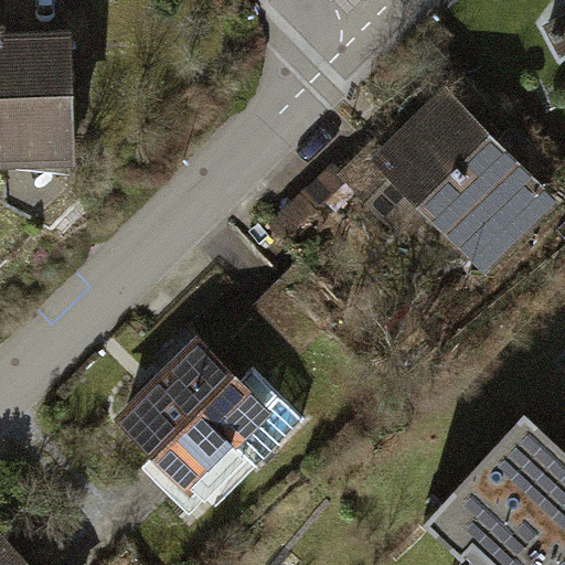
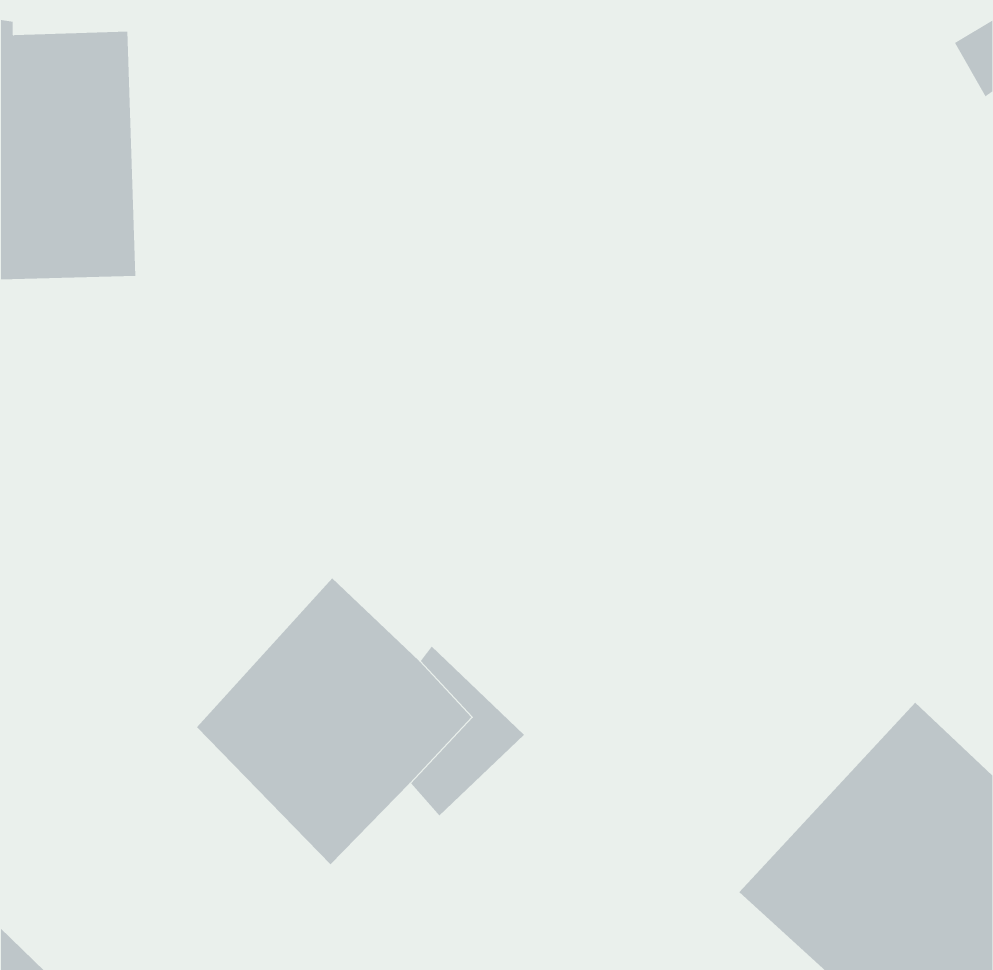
building: [360,89,547,278] -> none

